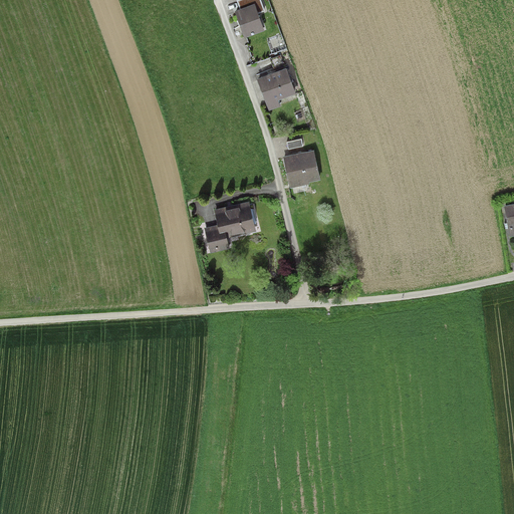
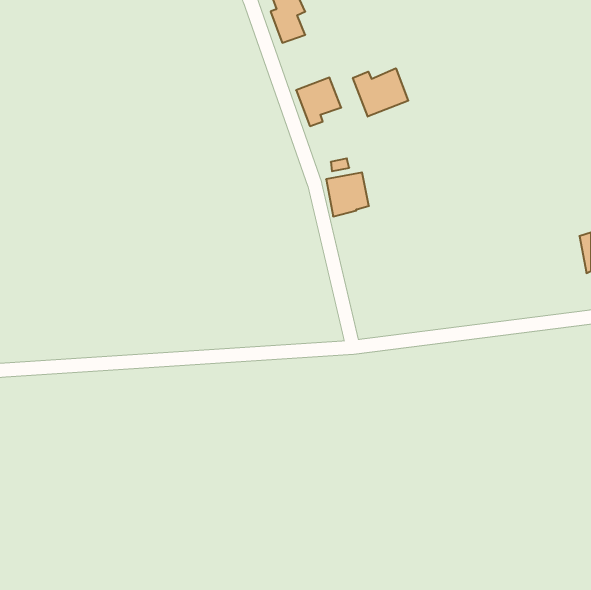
building: none -> [353,68,408,117]
building: [205,201,256,252] -> none

